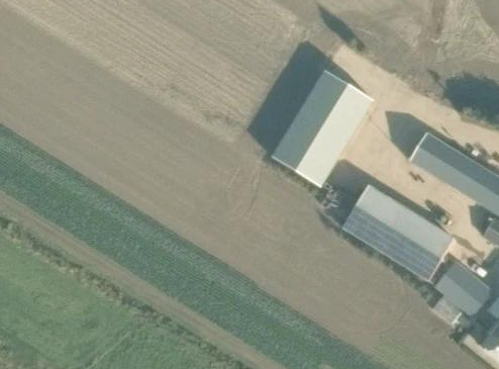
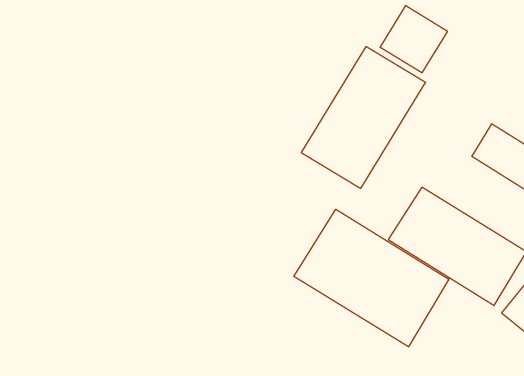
building: none -> [380,6,447,73]
building: none -> [294,209,449,347]

